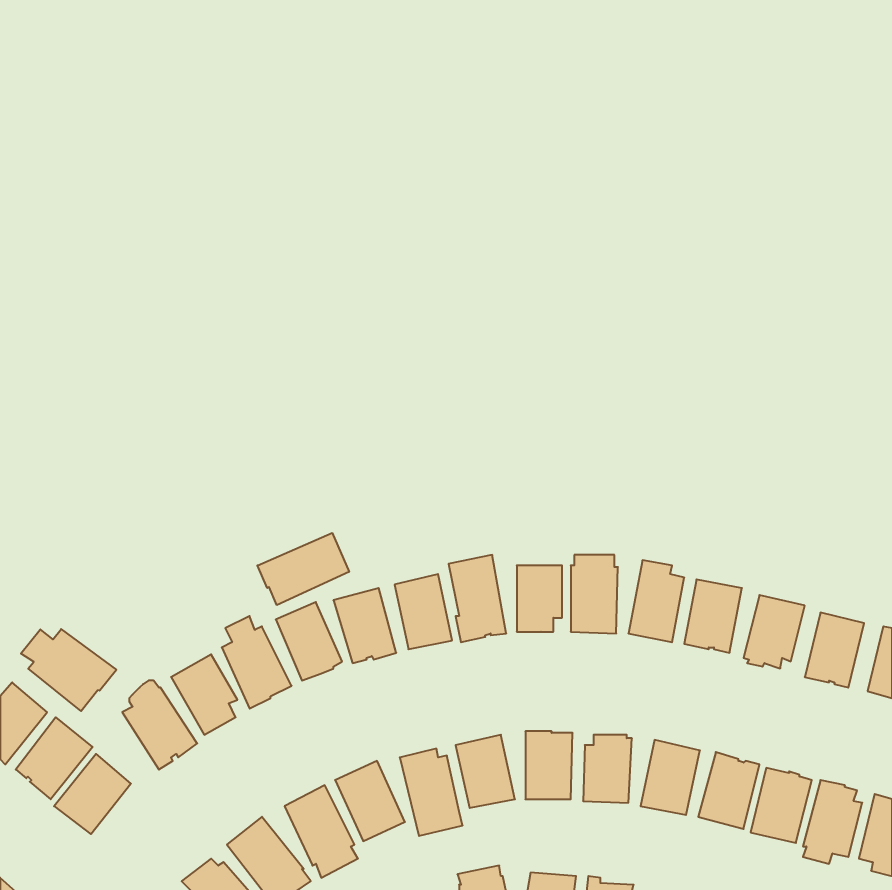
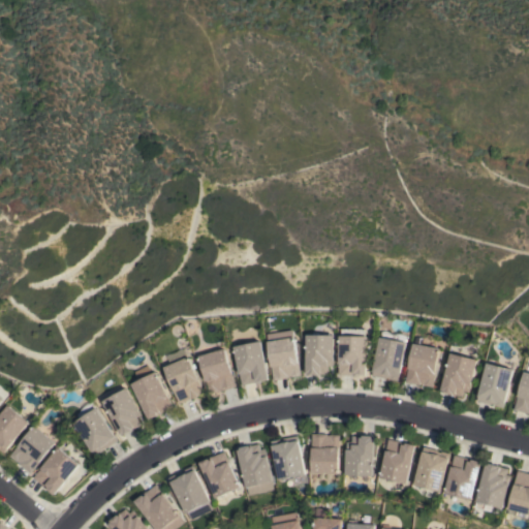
building: [257,533,349,605] -> none
building: [21,629,116,711] -> none

